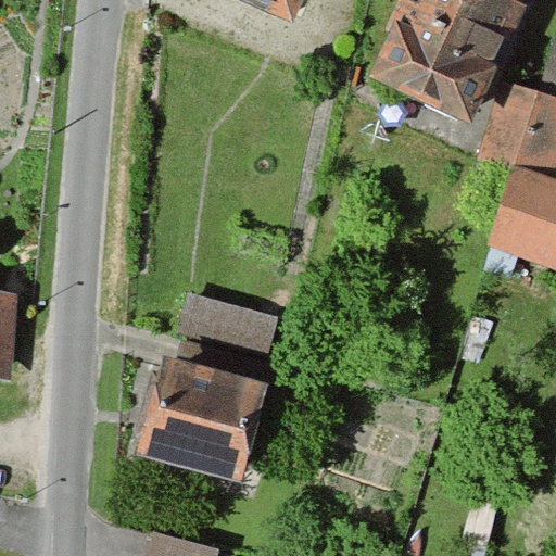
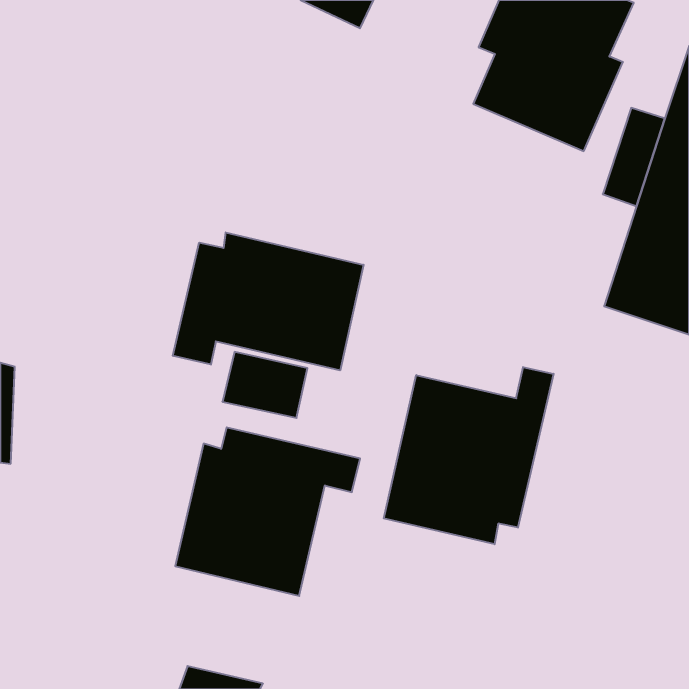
building: none -> [173,232,364,370]
building: none -> [384,367,554,544]

